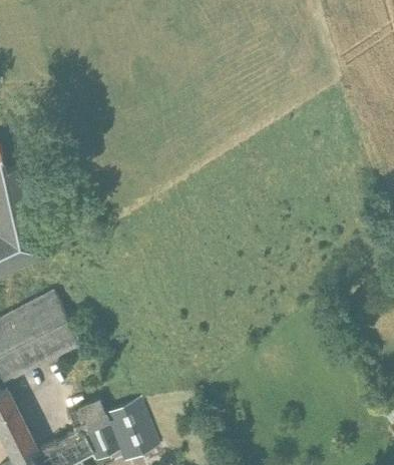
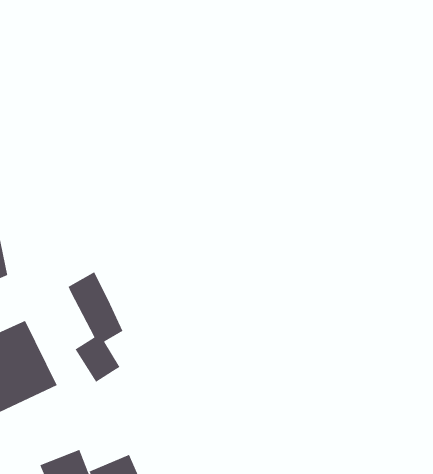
building: none -> [68,271,124,383]

